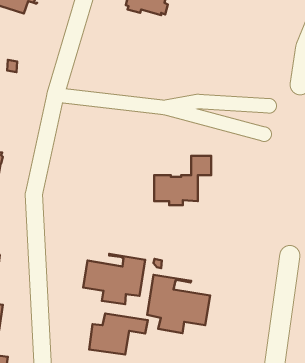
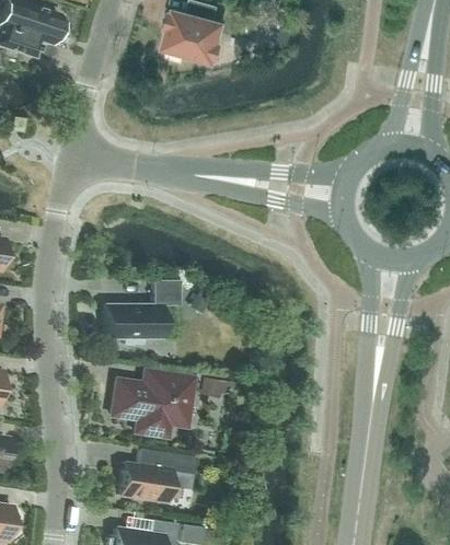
building: [154,156,211,205] -> [107,280,182,345]
building: [147,275,210,333] -> none

